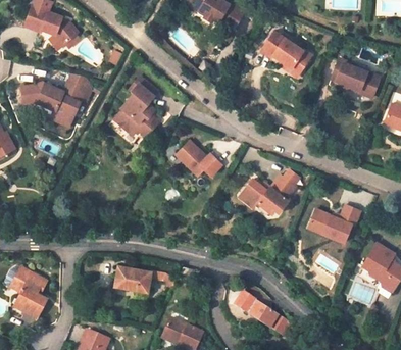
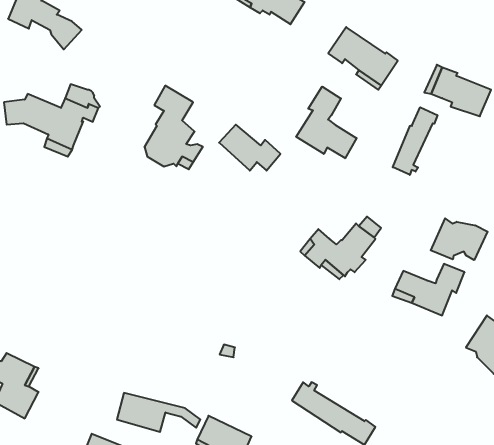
building: none -> [296,87,357,158]
building: none -> [393,107,437,175]
building: [174,140,219,173] -> [219,125,280,171]
building: none -> [431,218,488,260]
building: [116,259,178,288] -> [117,393,200,432]

